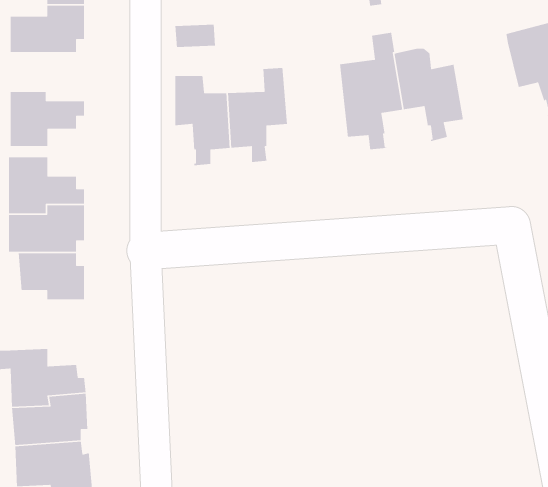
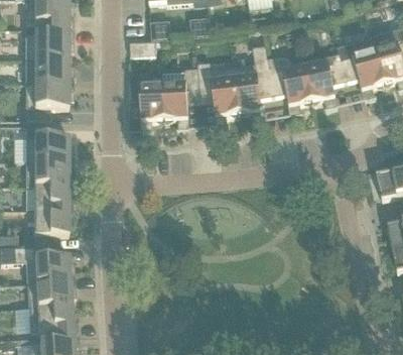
building: none -> [306,48,347,104]
building: none -> [26,54,74,85]
building: none -> [197,57,239,121]
building: none -> [25,205,74,242]

